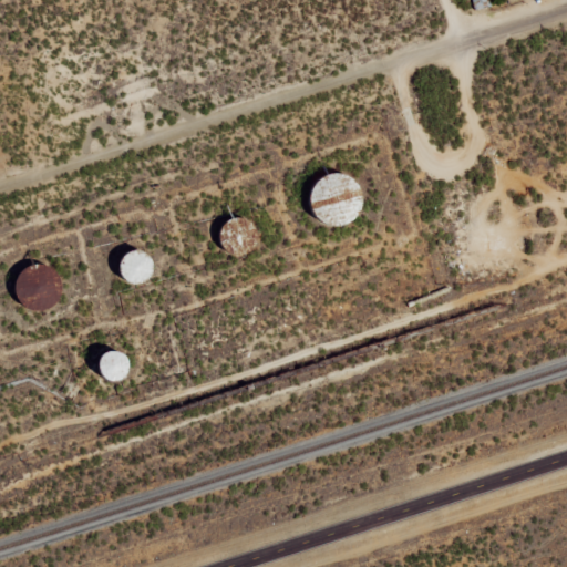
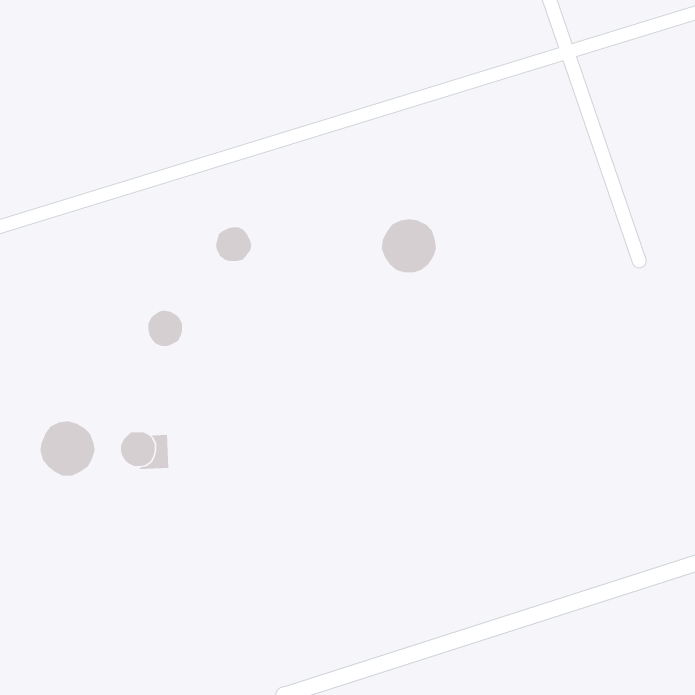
building: [225,220,255,249] -> [215,226,252,262]
building: [13,262,59,308] -> [39,421,95,476]

